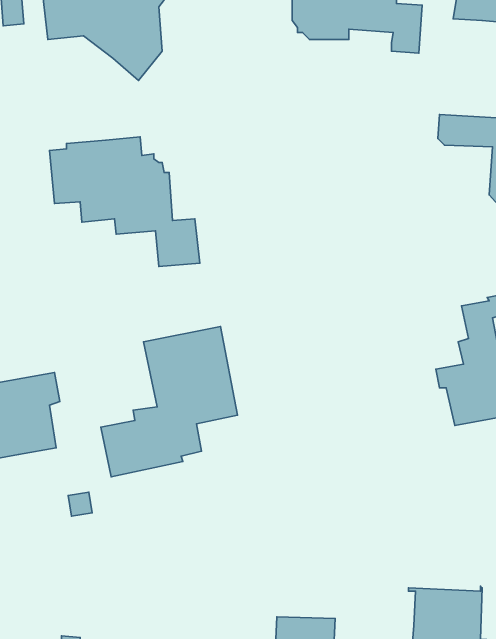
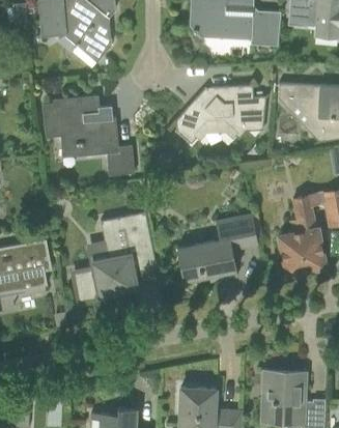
building: none -> [175,85,265,144]
building: none -> [177,213,257,281]

